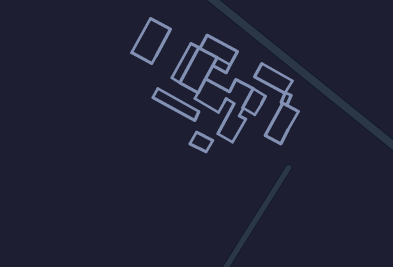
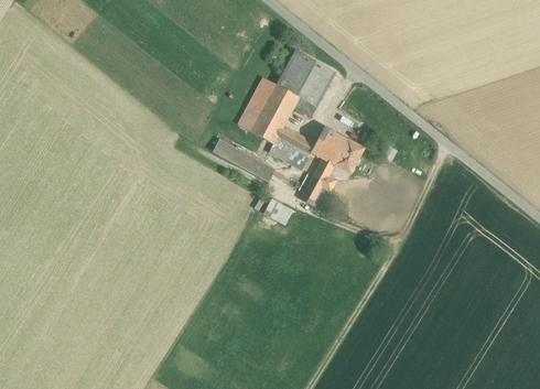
building: [131,18,171,64] -> none
building: [255,64,292,93] -> [285,48,336,88]
building: [265,103,298,144] -> none

